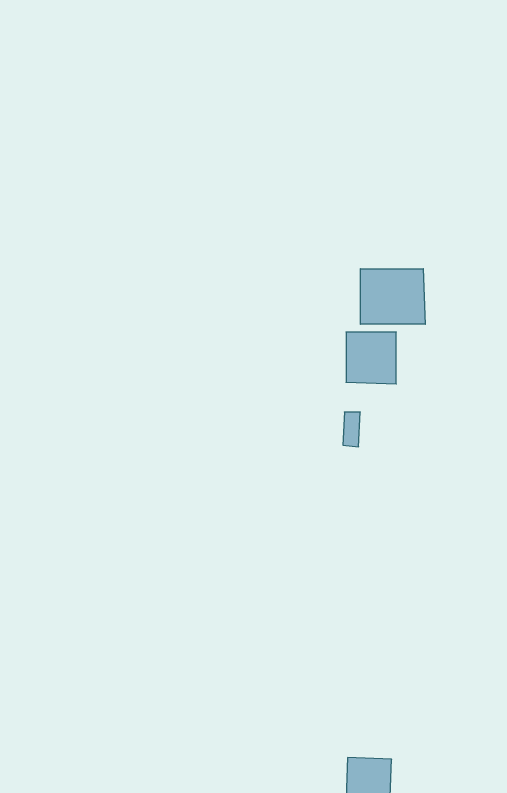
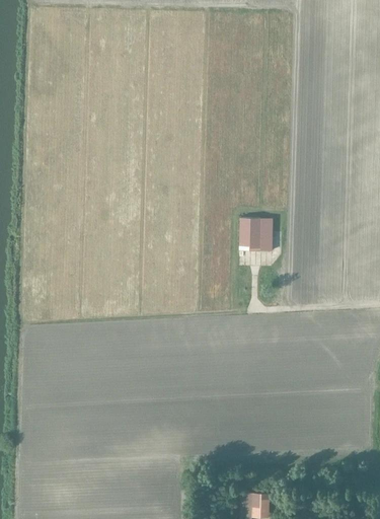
building: [360,269,425,324] -> none

